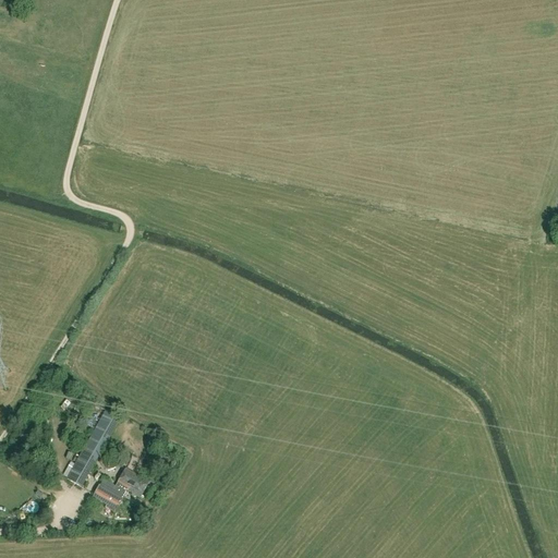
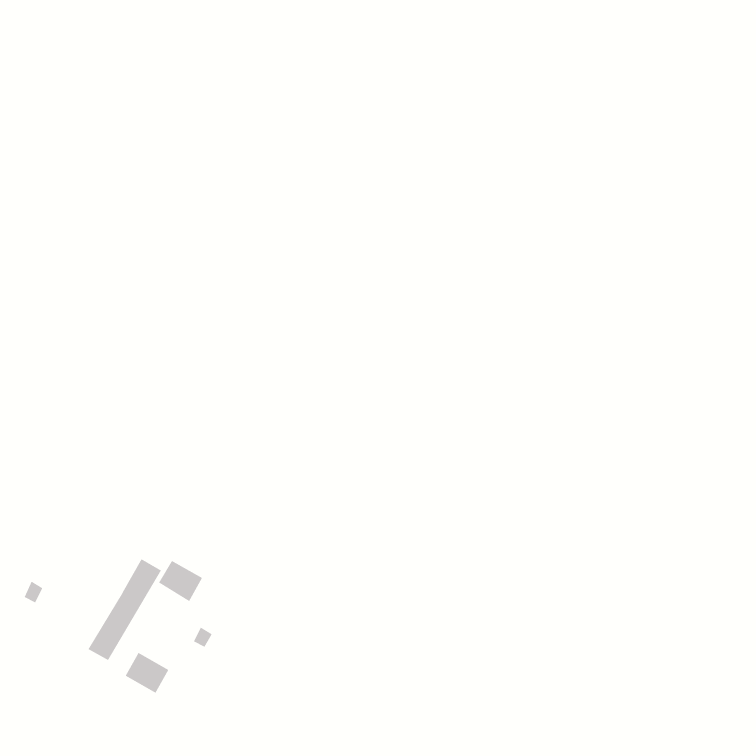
building: [116,468,148,498] -> [158,560,203,602]

